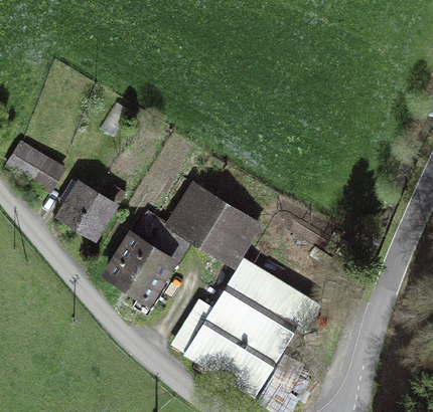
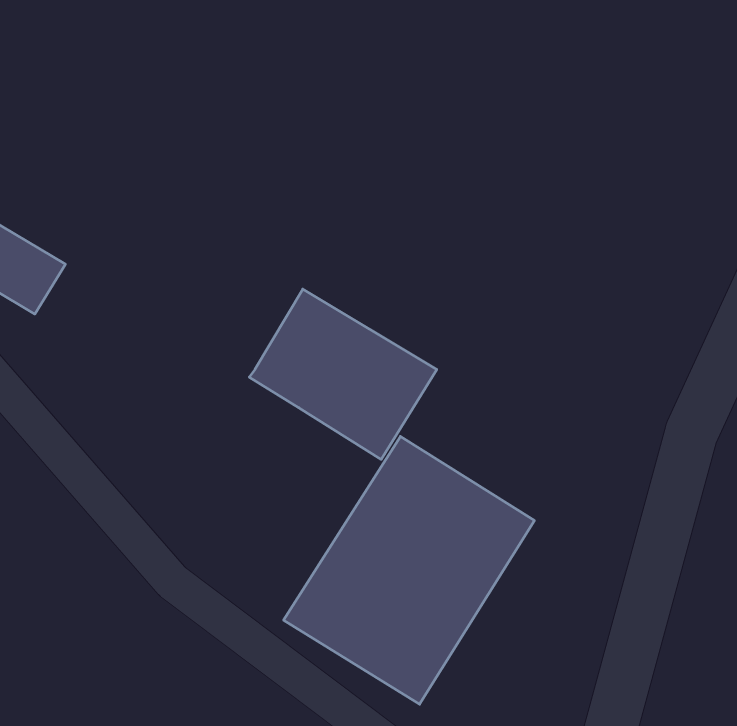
building: [54,179,118,241] -> none
building: [100,207,190,307] -> none

